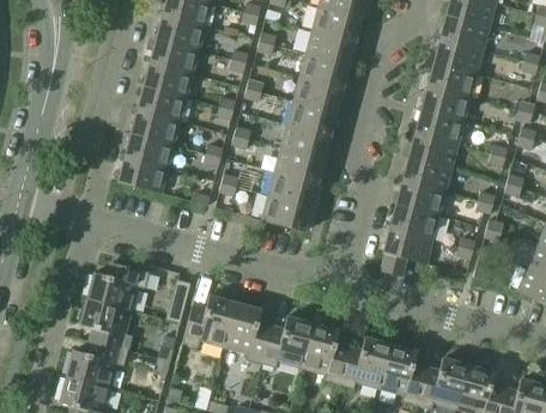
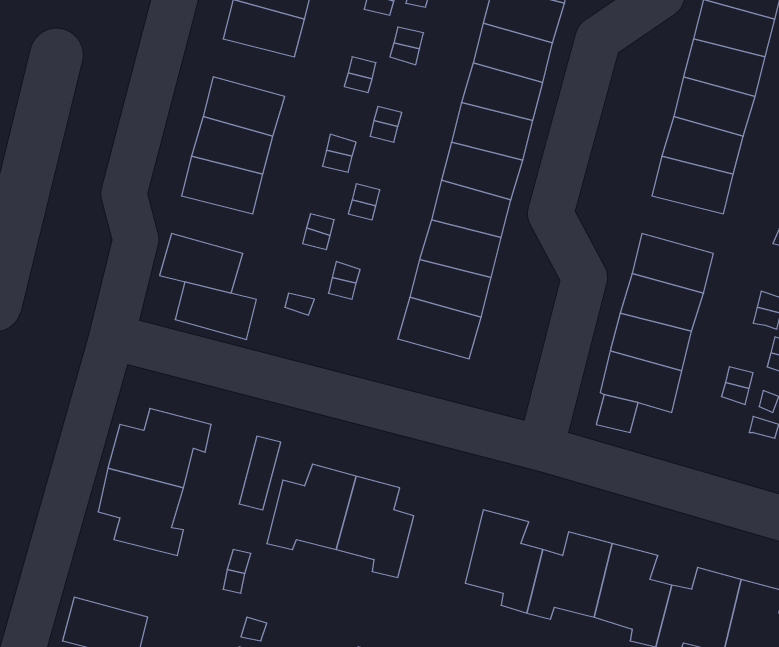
building: [150,40,199,74] -> none
building: [125,134,174,169] -> [175,282,256,339]
building: [408,134,457,169] -> none
building: [261,316,313,369] -> none
building: [66,341,128,388] -> none

